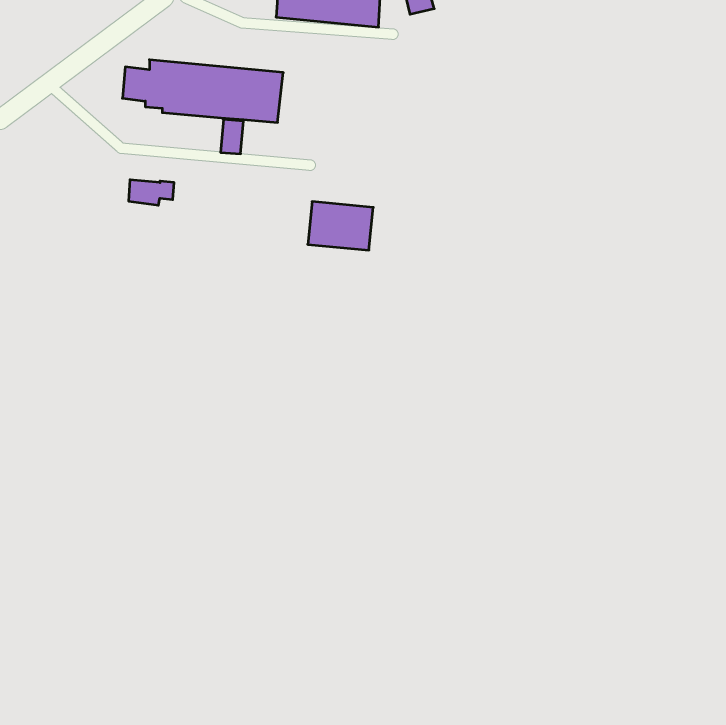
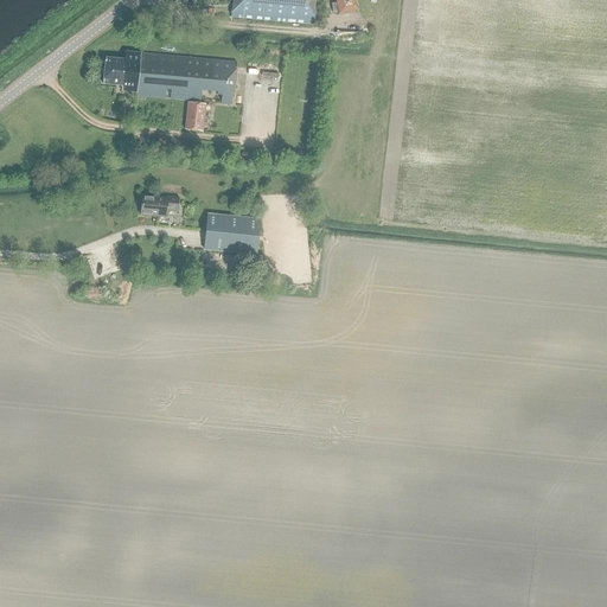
building: [129,180,174,205] -> [141,193,179,215]
building: [308,202,373,250] -> [205,212,260,253]

